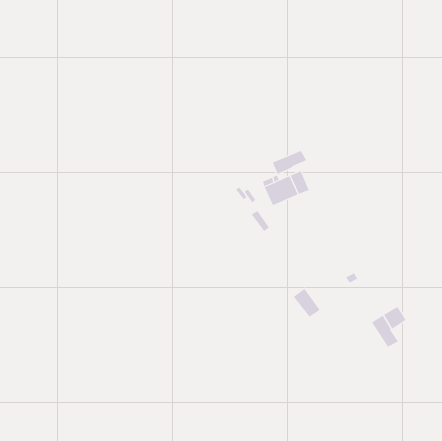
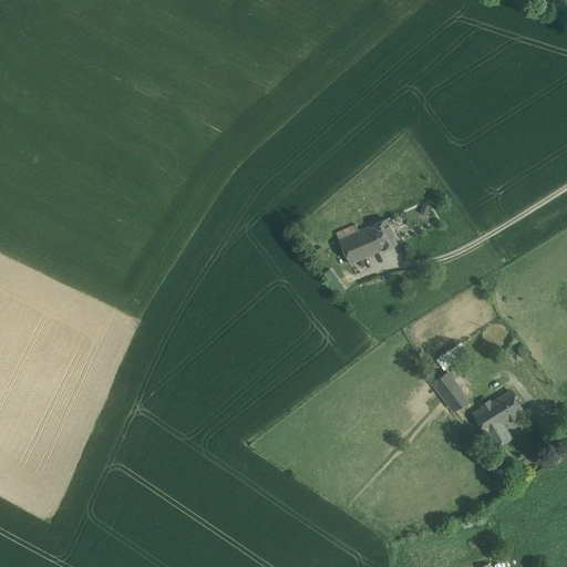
building: [272,150,307,175] -> none
building: [293,288,320,318] -> [432,372,467,410]

